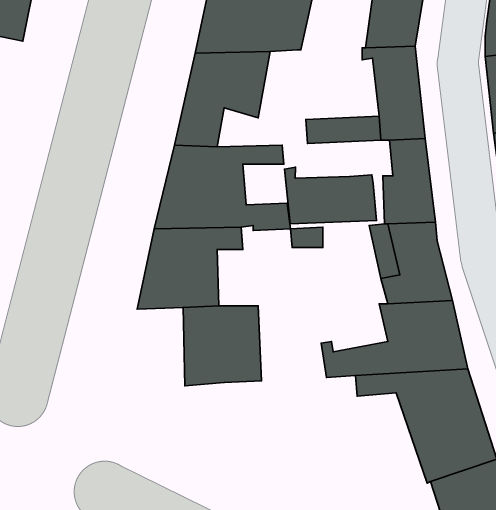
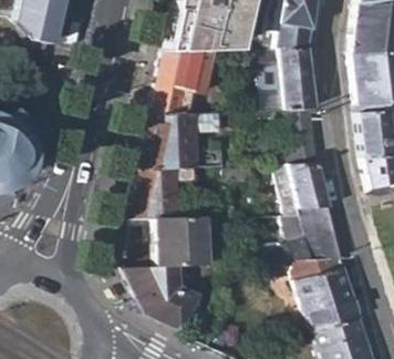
building: [284,167,377,224] -> none
building: none -> [123,267,200,331]

